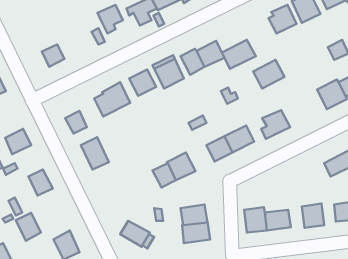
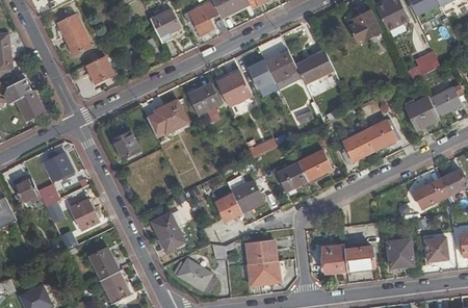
building: none -> [57,14,90,54]
building: [253,60,285,89] -> [363,118,399,151]
building: [81,137,109,169] -> [152,212,184,250]
building: [16,213,41,241] -> [89,248,119,280]

